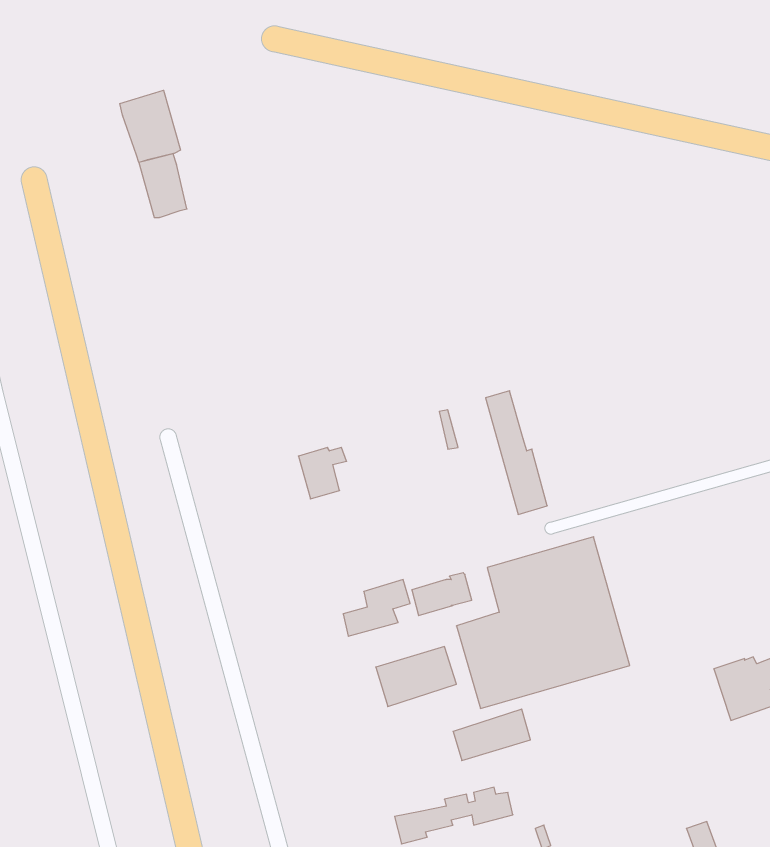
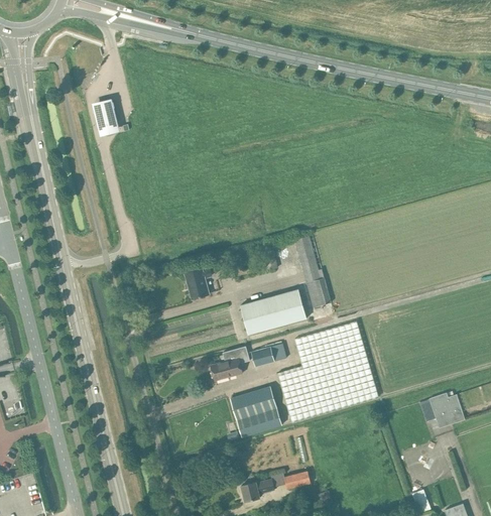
building: [120,90,180,162] -> none
building: none -> [239,289,305,335]
building: [453,709,530,761] -> [236,407,281,437]

